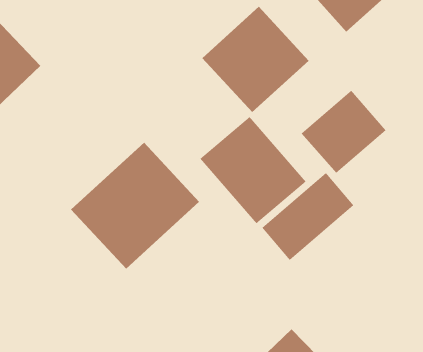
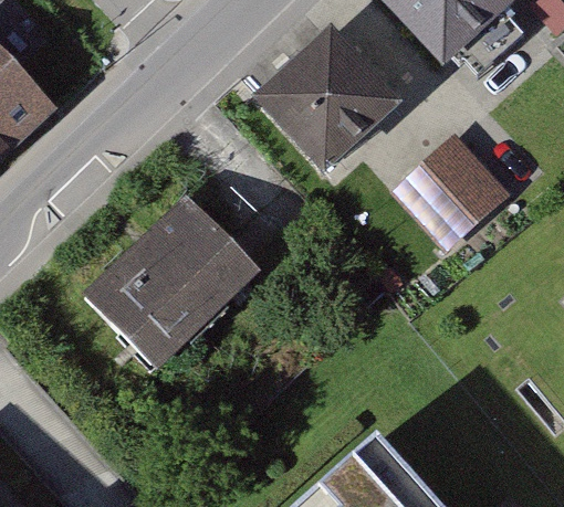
building: [200,116,306,224] -> none
building: [261,172,354,261] -> none

